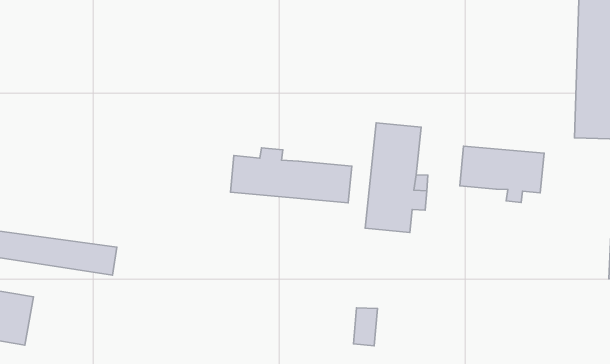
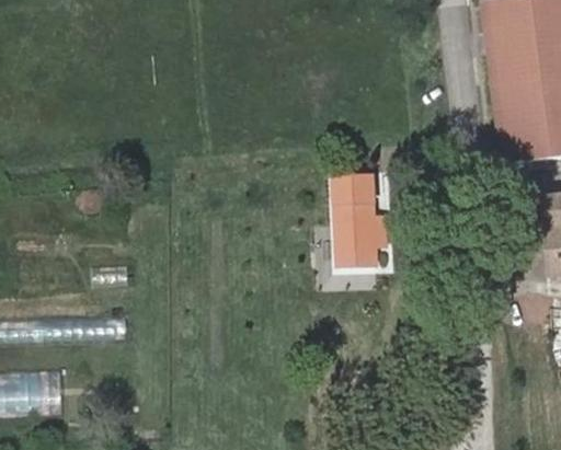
building: [460,146,544,202] -> none
building: [230,148,352,203] -> none

